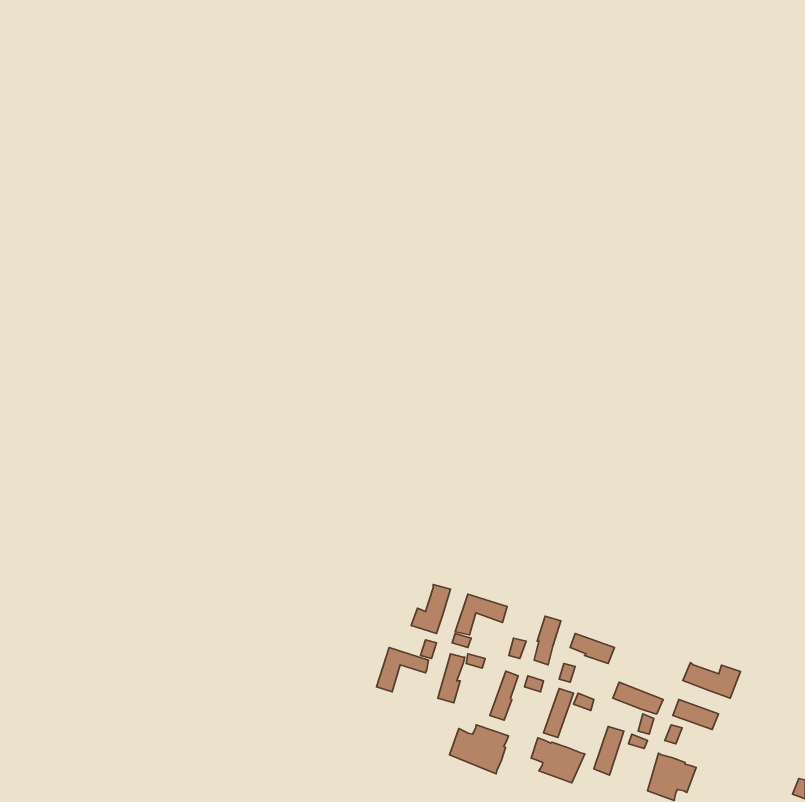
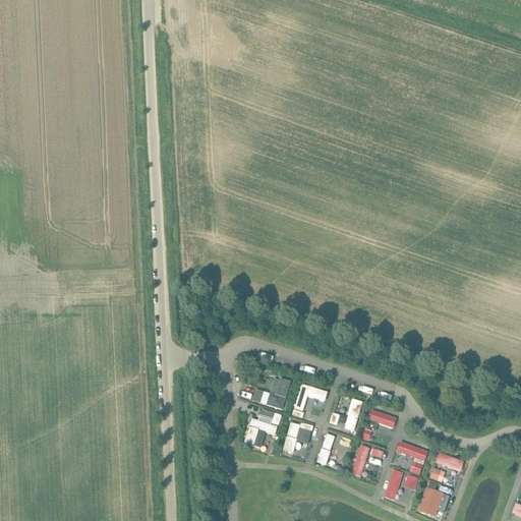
building: [683,663,740,698] -> none
building: [450,725,509,774] -> none
building: [531,738,585,783] -> none

